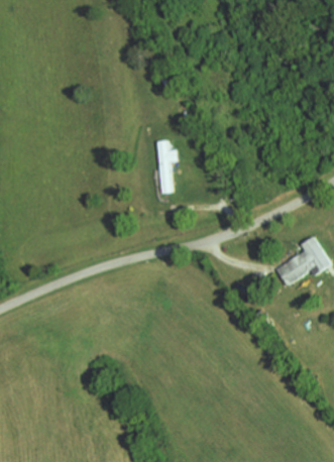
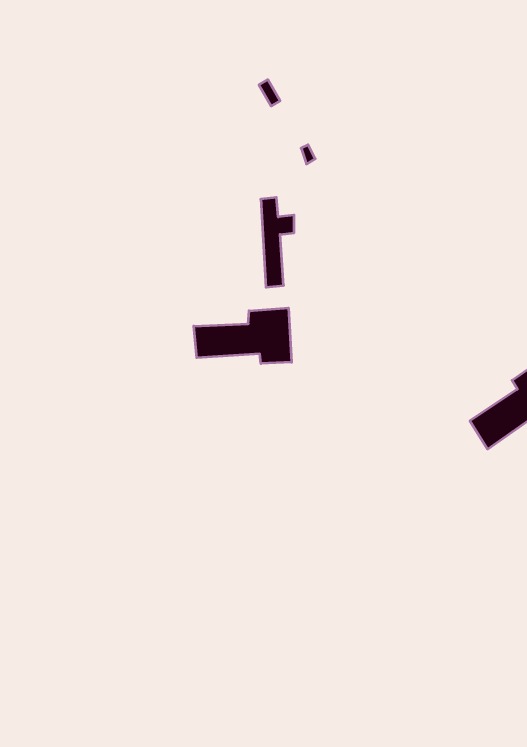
building: none -> [194,308,292,364]

